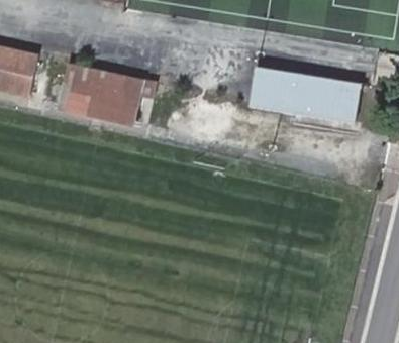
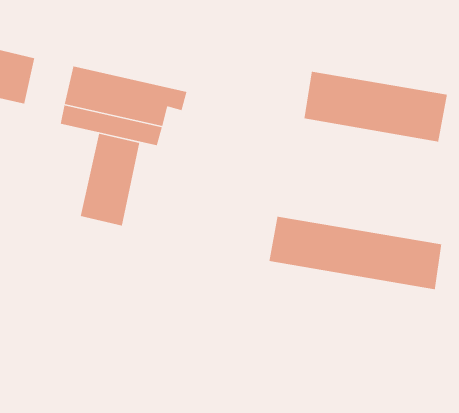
building: none -> [80,133,140,226]
building: none -> [269,216,442,290]

